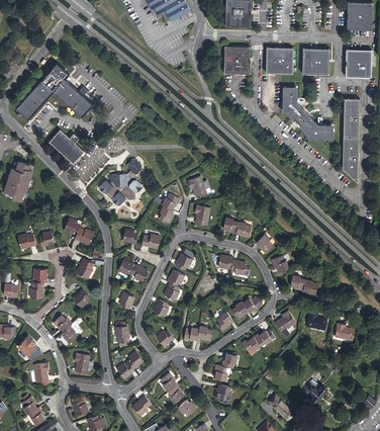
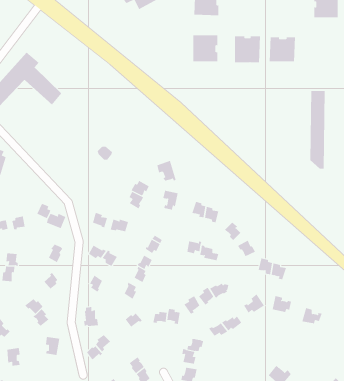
building: [345,49,371,76] -> none
building: [283,91,333,144] -> none
building: [49,131,83,163] -> none
building: [101,172,142,205] -> none

